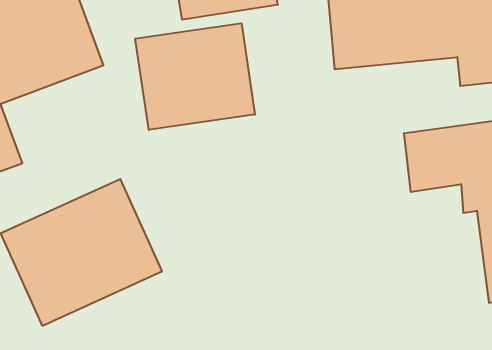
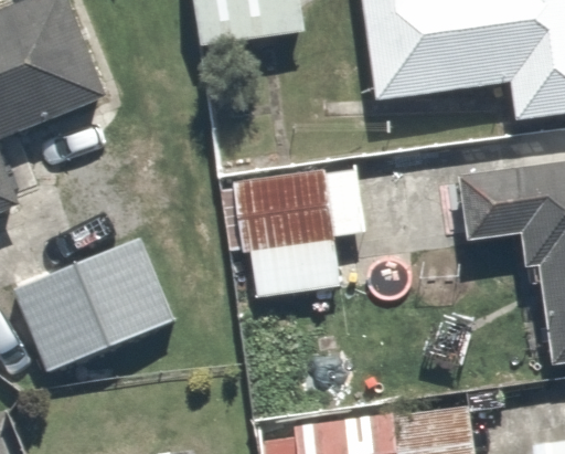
building: [135,23,255,130] -> none
building: none -> [233,161,366,299]

